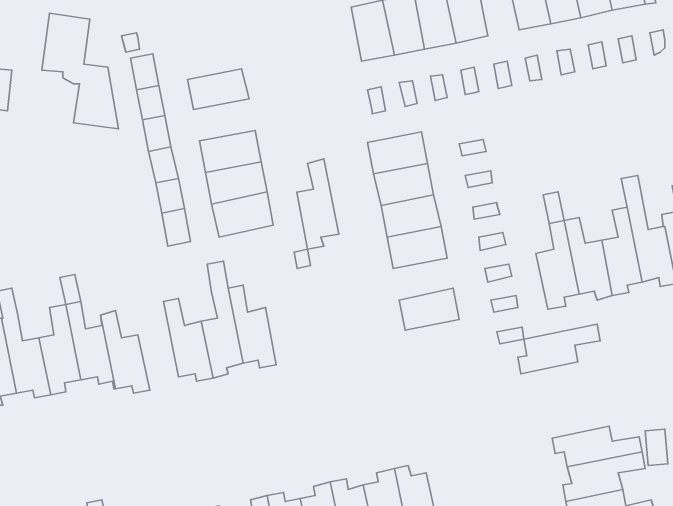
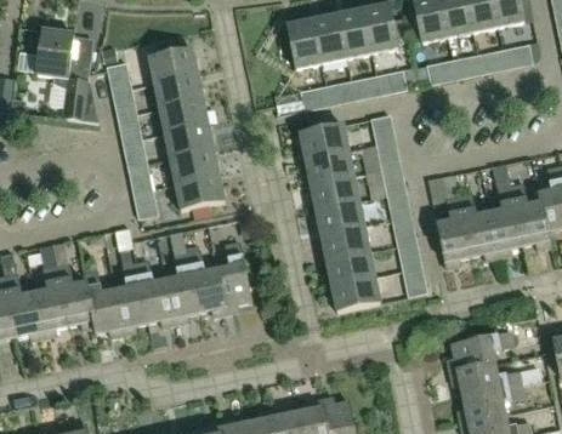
building: none -> [148,47,198,82]
building: none -> [159,98,209,132]
building: [297,159,339,249] -> [217,240,251,313]
building: none -> [320,227,369,261]
building: none -> [114,247,147,333]
building: none -> [330,276,380,310]
building: [518,324,600,374] -> [447,332,513,372]

